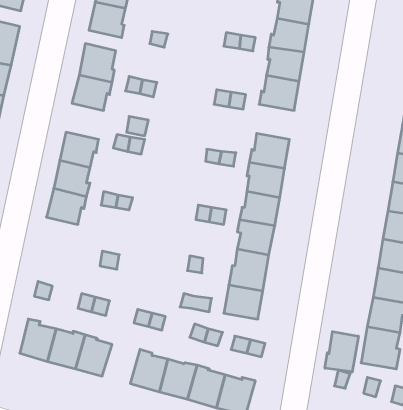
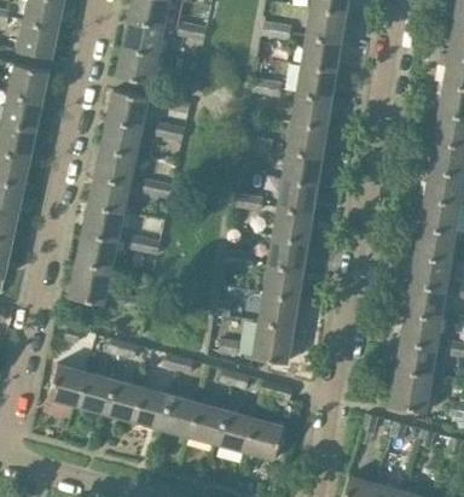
building: none -> [95,148,133,185]
building: none -> [285,150,323,185]
building: none -> [69,262,108,305]
building: [325,332,358,372] -> none
building: none -> [132,388,169,427]

